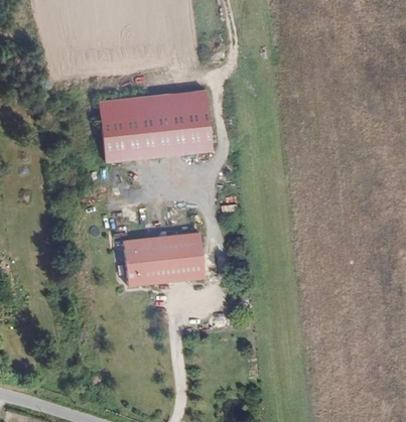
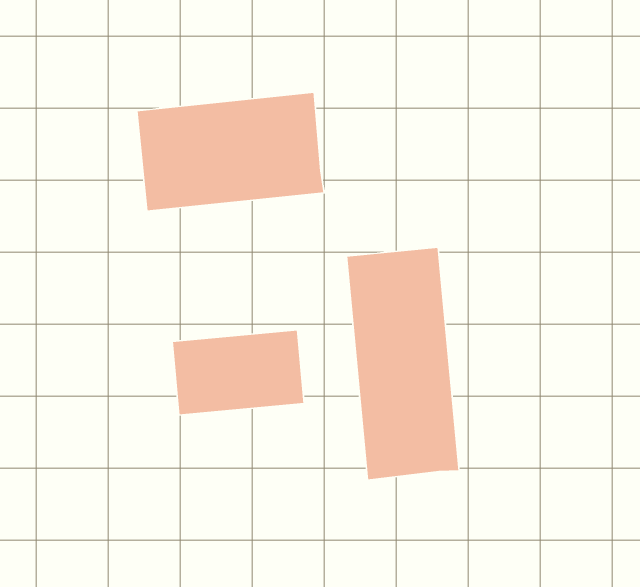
building: none -> [347,247,459,480]

